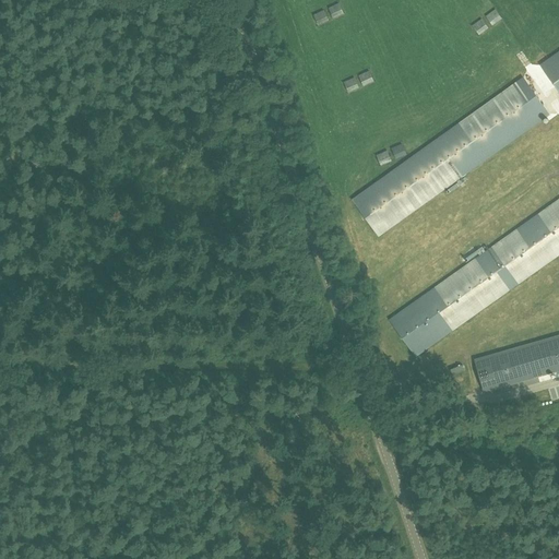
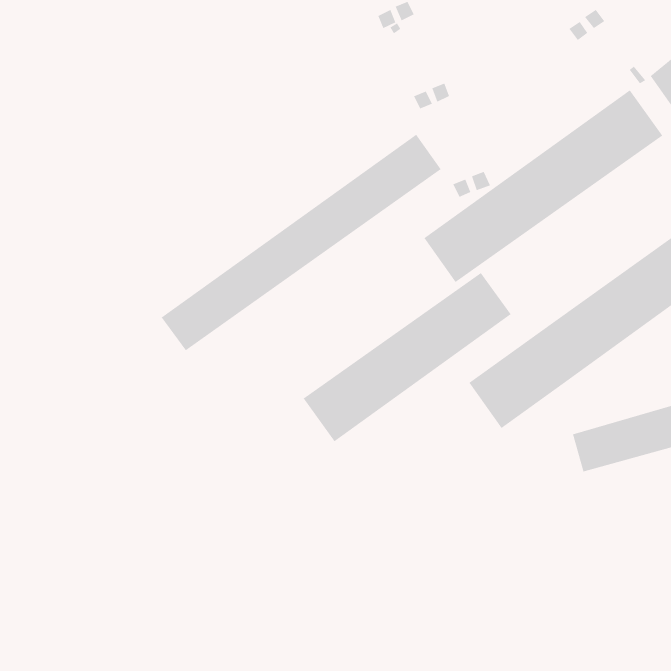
building: none -> [161,134,442,351]
building: none -> [303,272,512,442]

